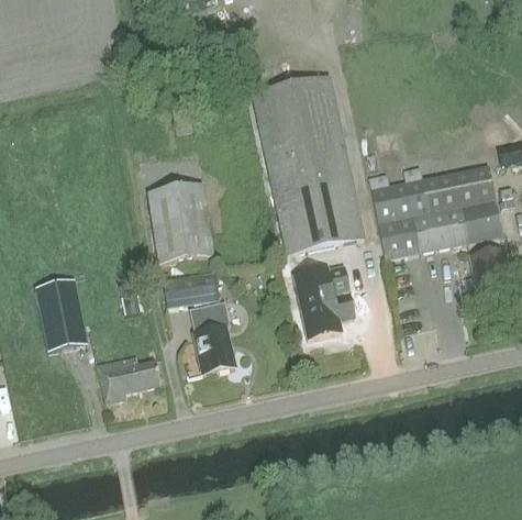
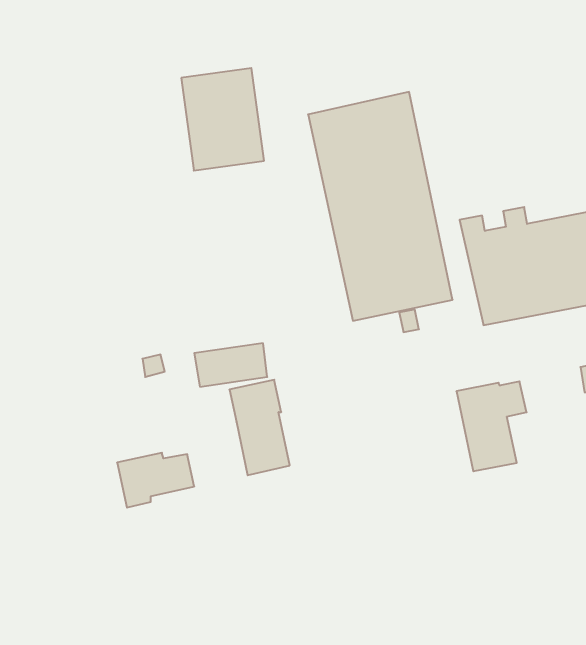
building: [148,182,213,263] -> [181,68,264,171]
building: [296,267,351,338] -> [456,381,527,471]
building: [36,279,88,350] -> none

